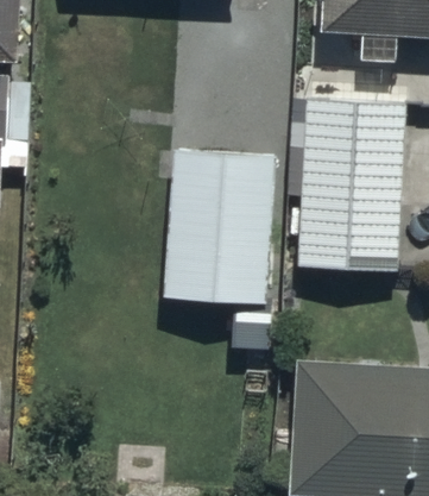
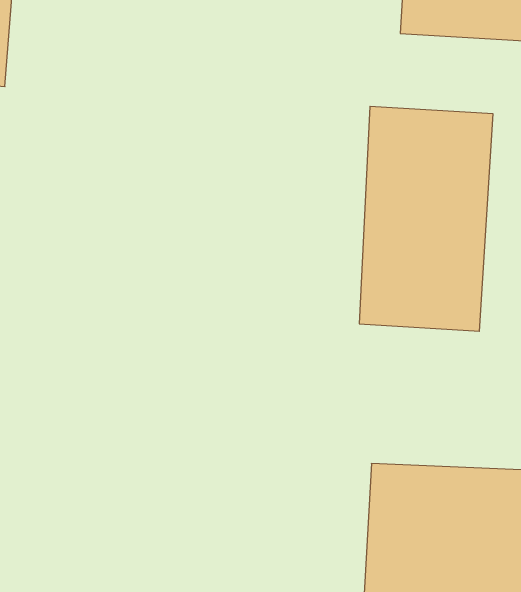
building: [165,140,265,295] -> none

